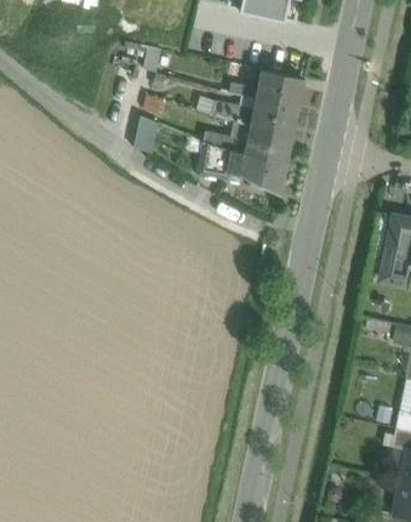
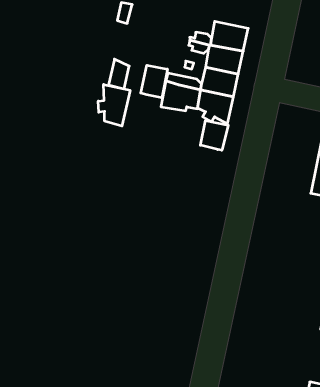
building: none -> [141,65,167,98]
building: none -> [98,84,130,126]
building: none -> [200,120,228,150]

